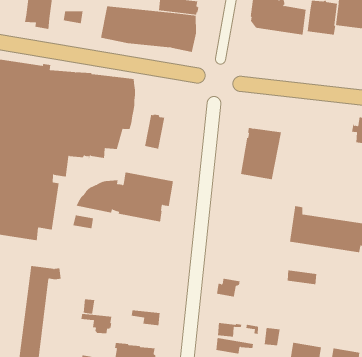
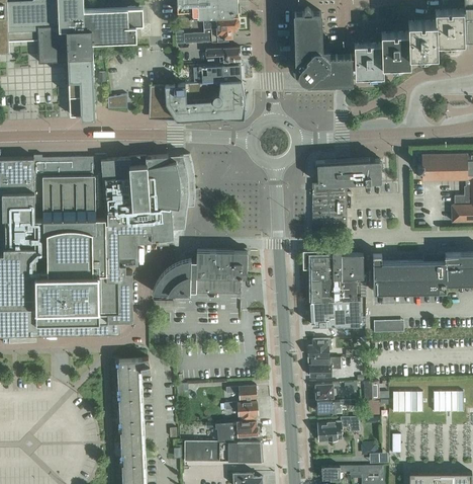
building: none -> [316,158,381,184]
building: [145,114,165,150] -> none
building: none -> [302,250,363,326]
building: none -> [308,358,341,378]
building: [80,313,112,334] -> [225,402,258,421]

